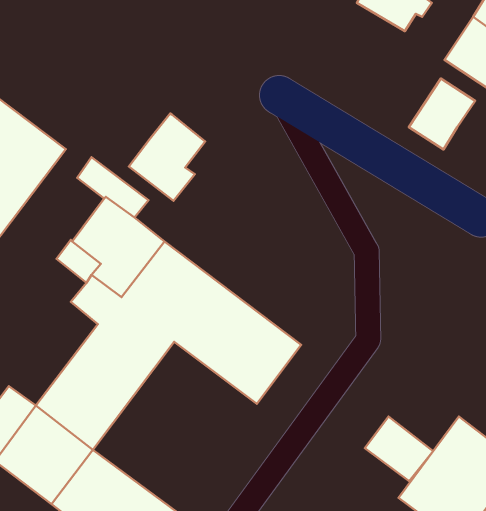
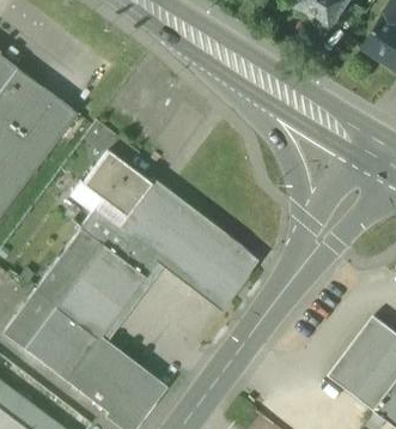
building: [409,79,475,150] -> none
building: [129,114,205,201] -> none
building: none -> [35,228,102,306]
building: [365,417,433,481] -> none

